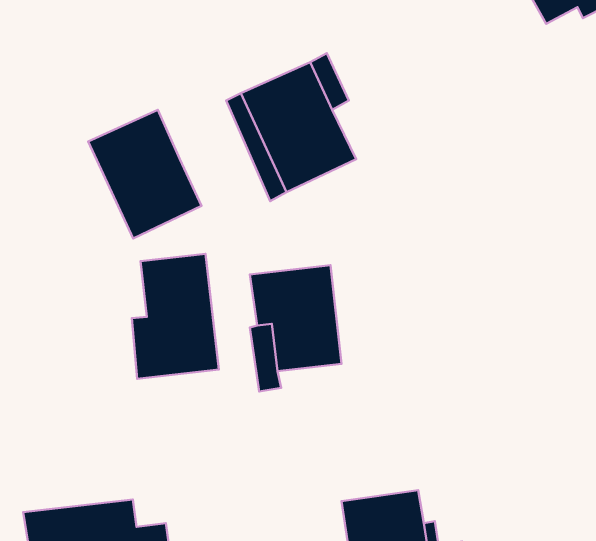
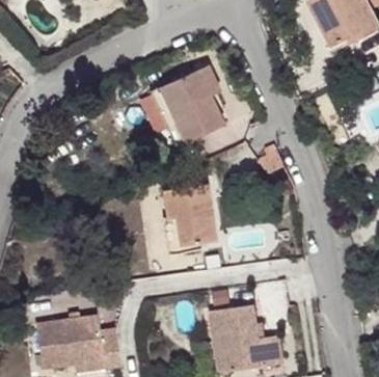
building: [88,110,201,239] -> none
building: [132,254,219,379] -> none

